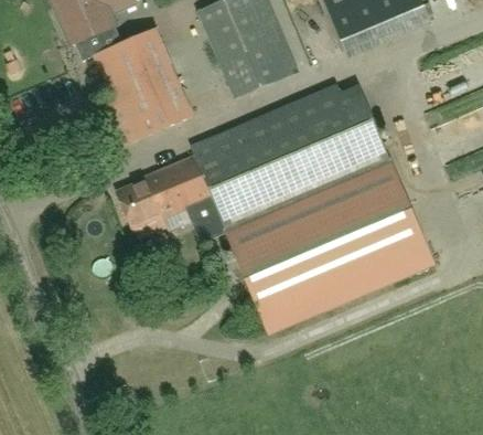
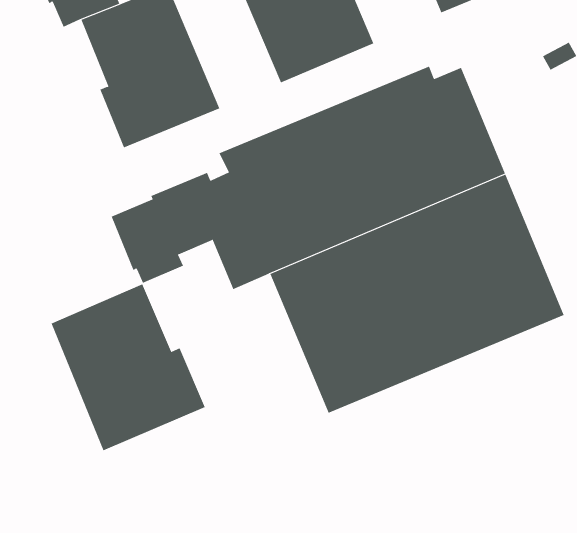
building: none -> [51,283,206,451]

